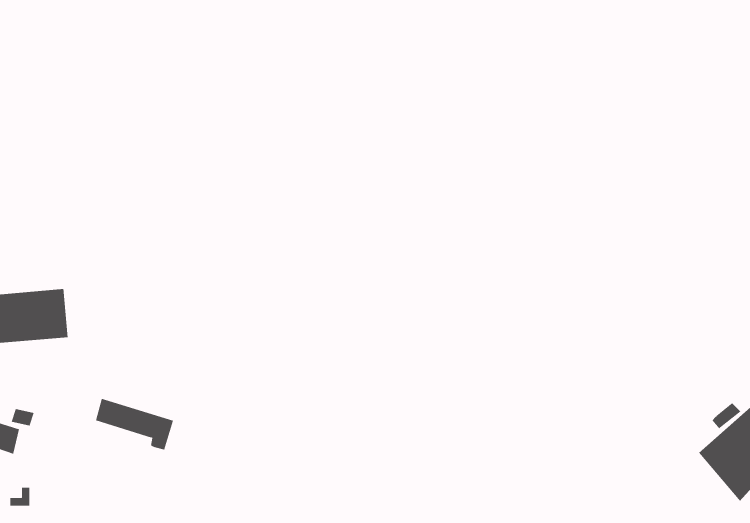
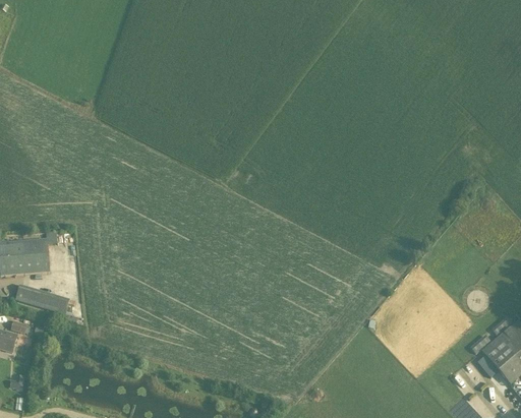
building: [95,398,174,450] -> [15,284,69,319]

